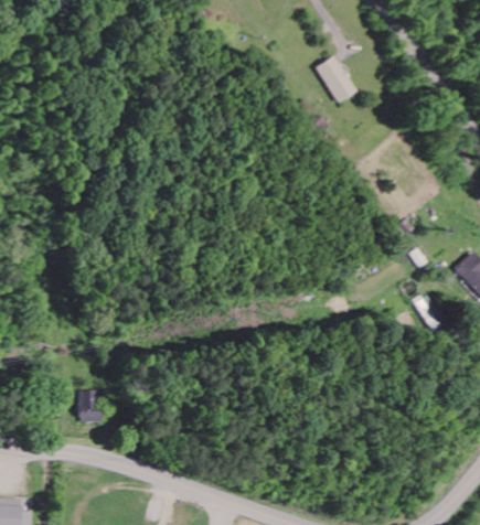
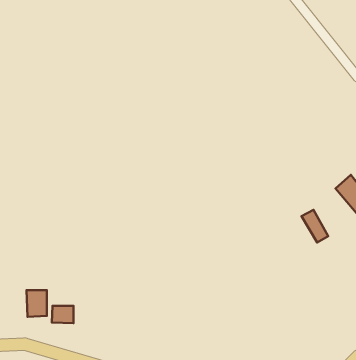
building: [316,55,358,104] -> none
building: none -> [52,306,74,323]

